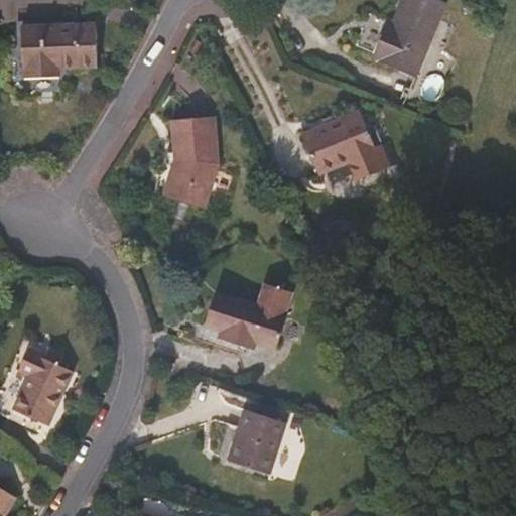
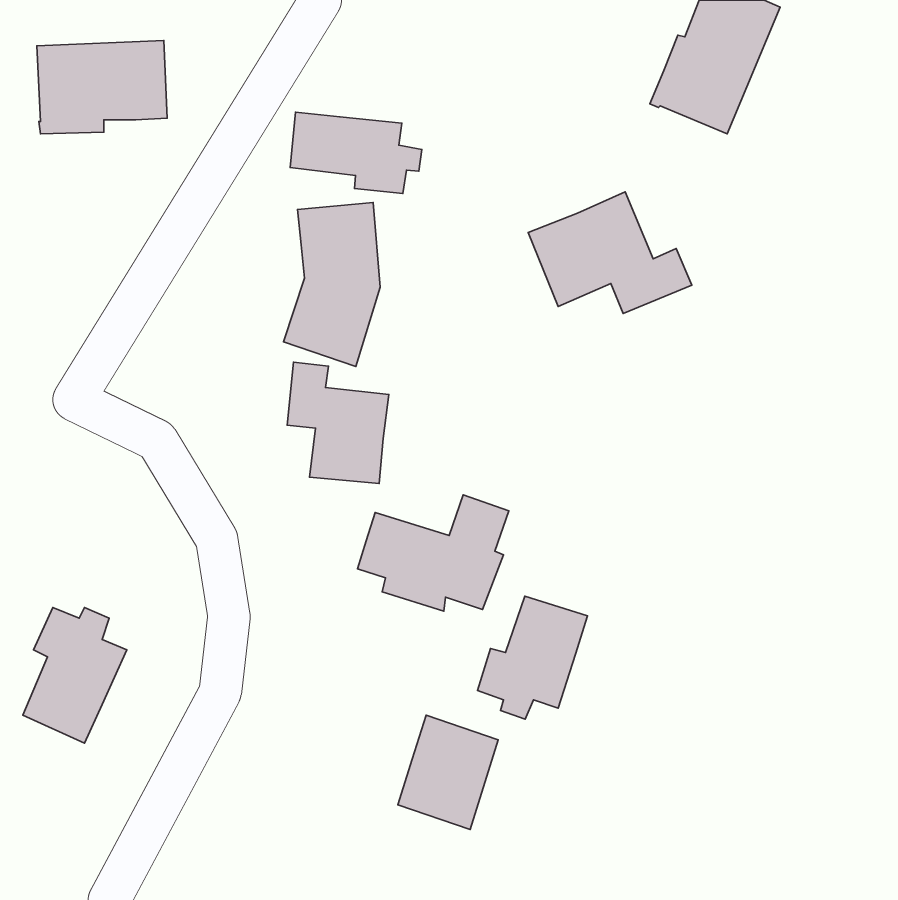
building: none -> [290,112,422,193]
building: none -> [287,362,389,484]
building: none -> [477,596,588,719]

